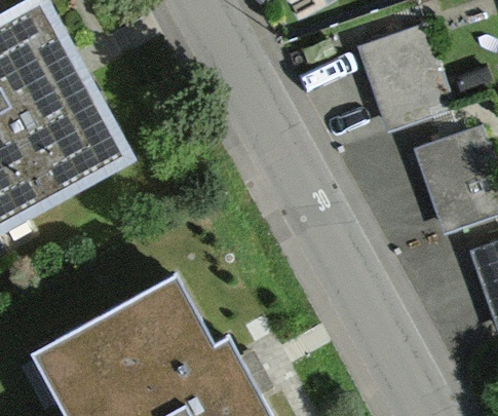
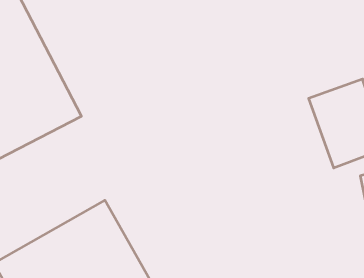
building: [368,32,459,125] -> none

